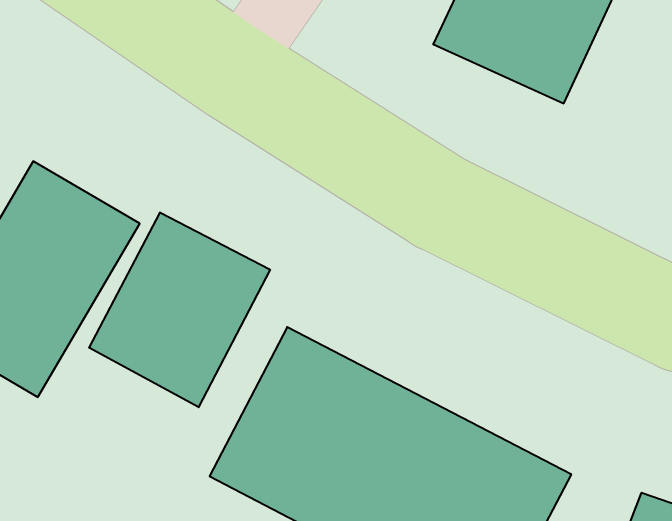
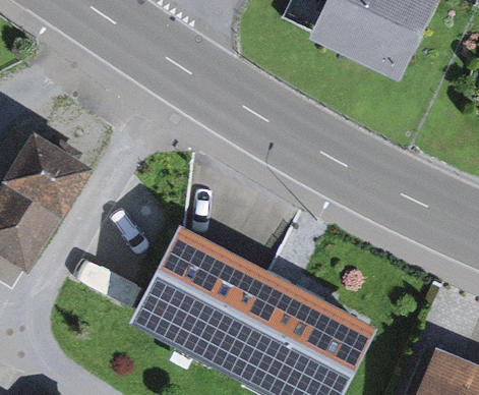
building: [89,212,270,407] -> none

